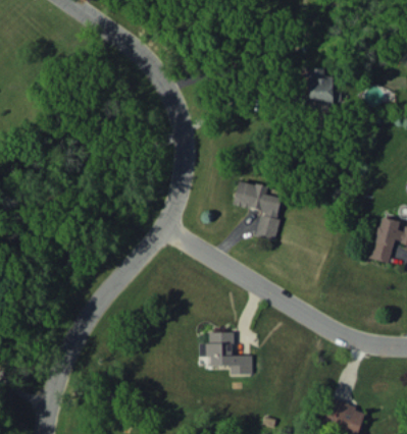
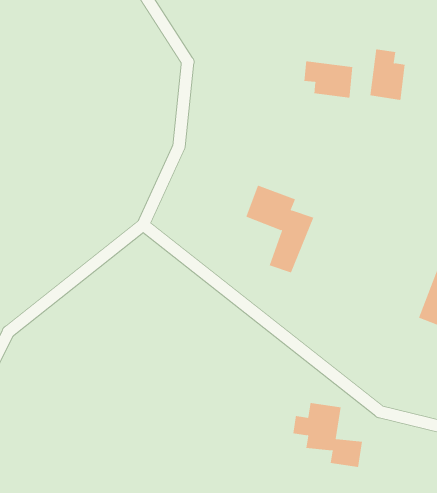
building: none -> [304,61,353,99]
building: [200,332,252,374] -> [292,402,363,467]

